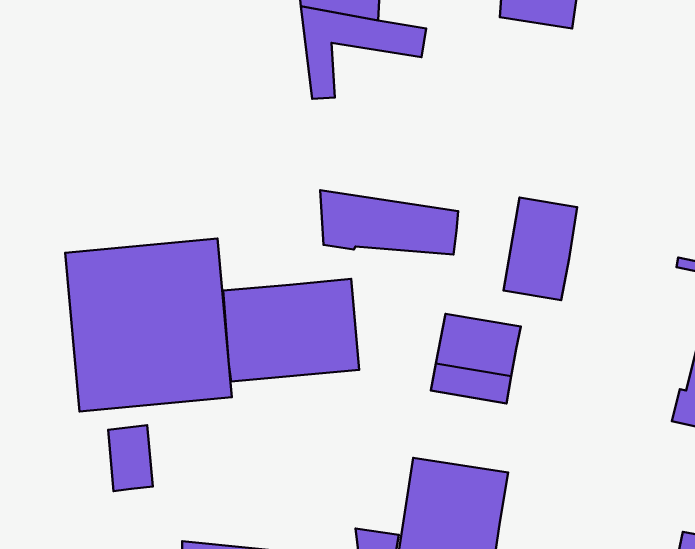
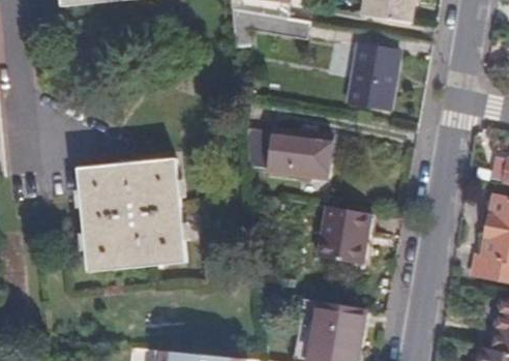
building: [503,198,577,300] -> [348,43,395,110]
building: [223,279,359,381] -> none
building: [108,425,153,491] -> none

